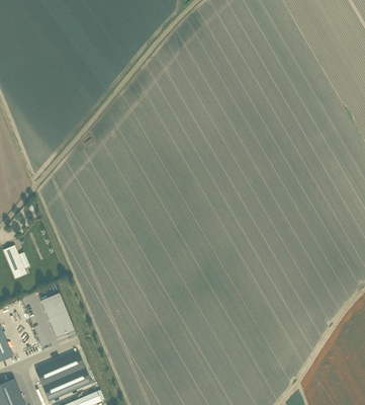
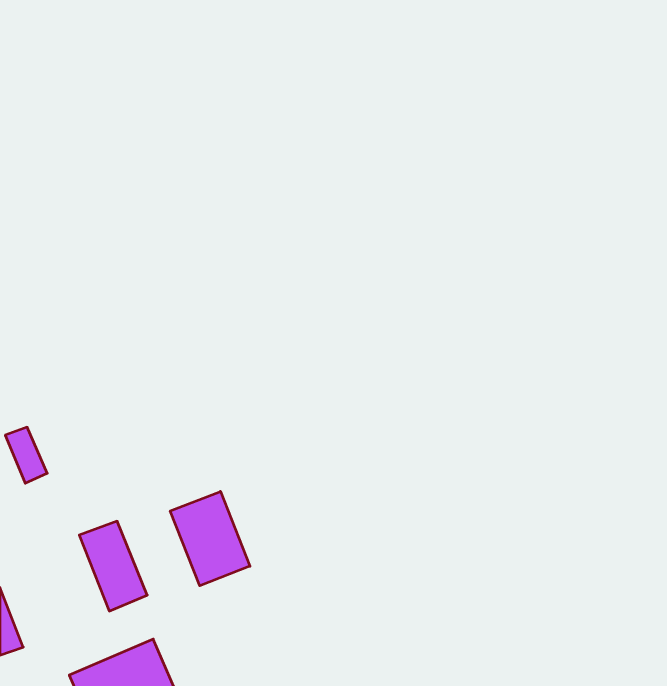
building: none -> [170,491,250,586]

